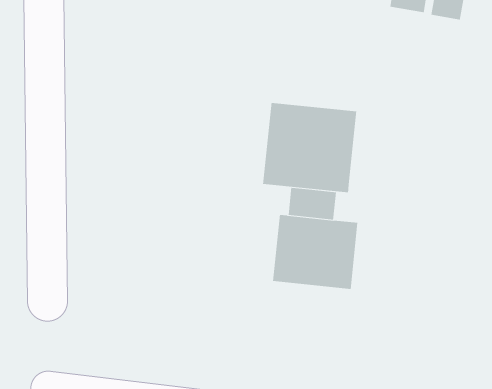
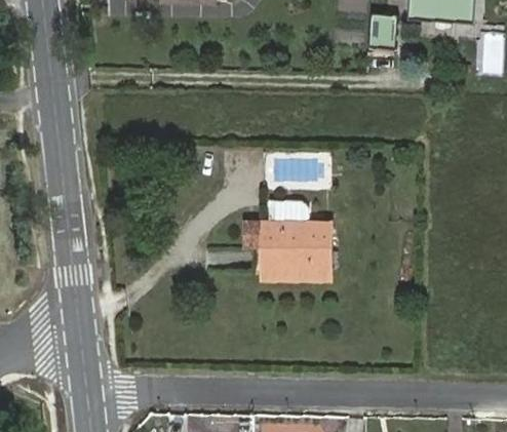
building: [263,102,357,193] -> none

